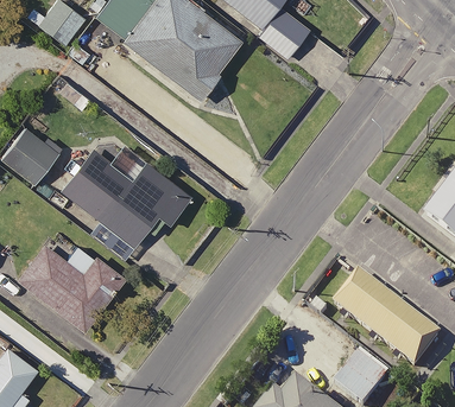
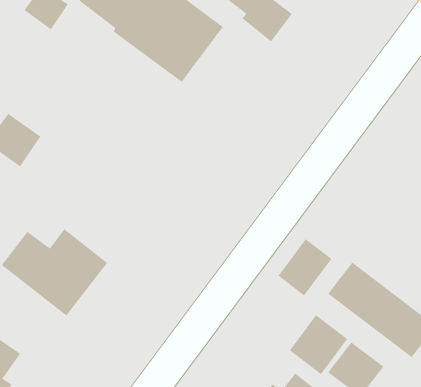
building: [51,142,181,237] -> none
building: none -> [277,238,332,296]
building: none -> [289,314,348,375]

